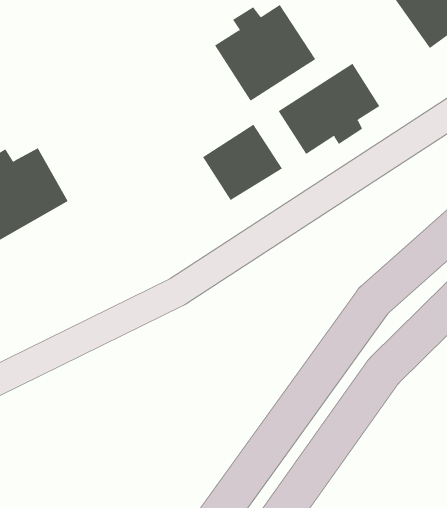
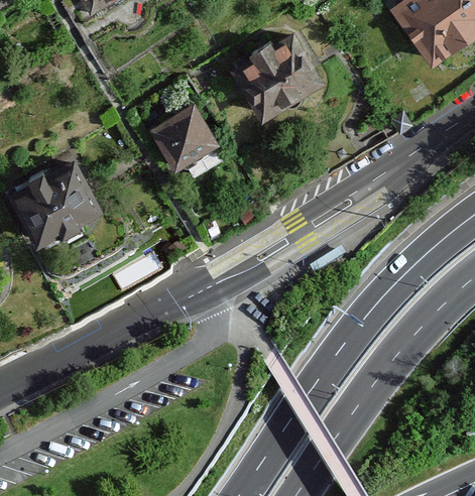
building: [278,63,380,155] -> none
building: [202,124,283,201] -> [150,101,223,170]

